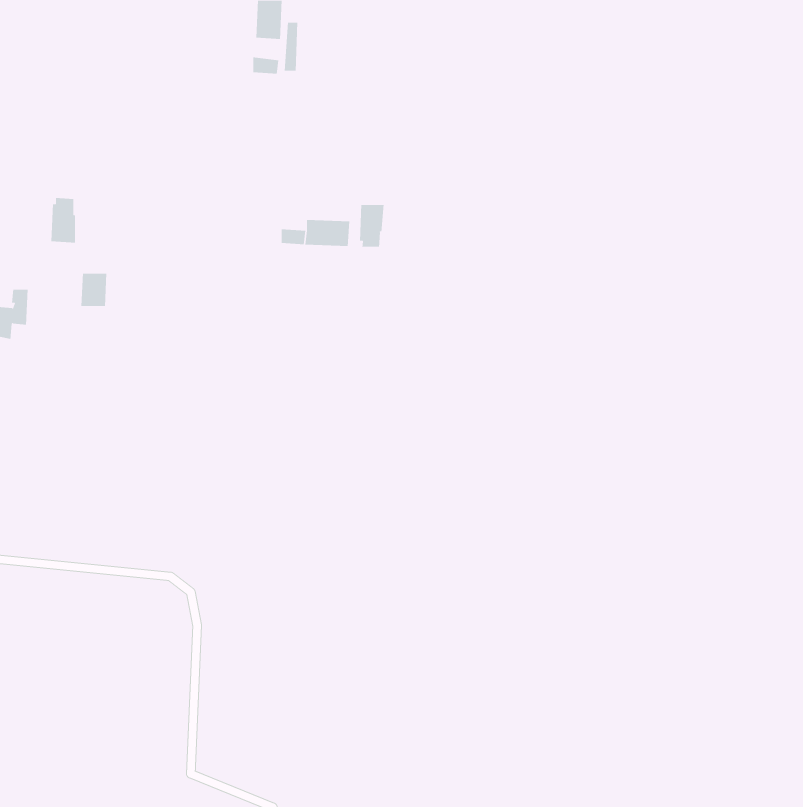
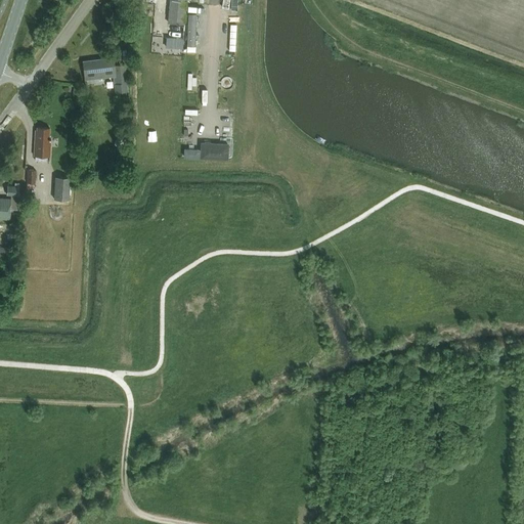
building: none -> [82,58,128,93]
building: [360,204,384,248] -> none

